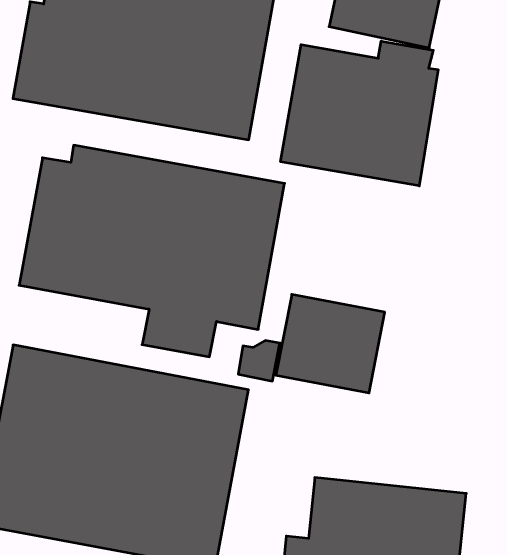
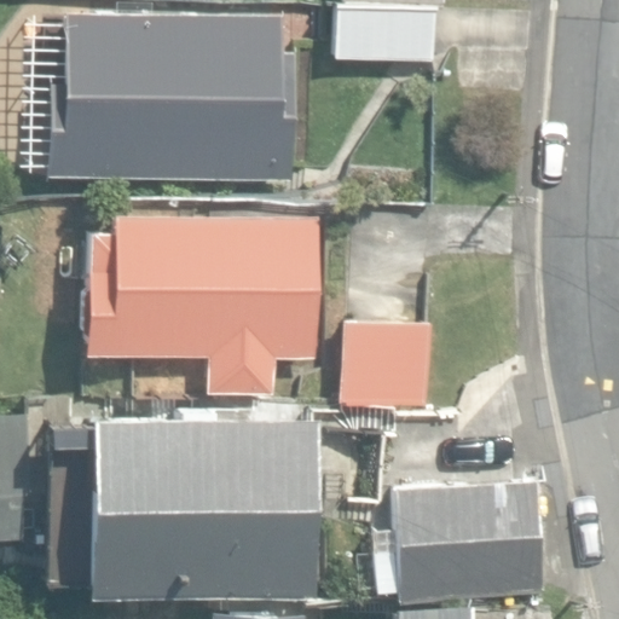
building: [281,41,438,186] -> none

